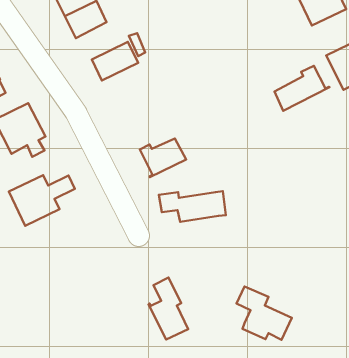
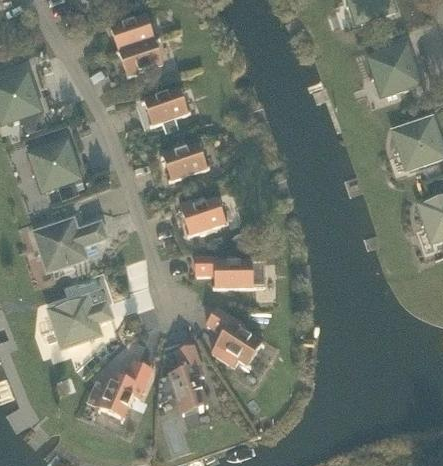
building: [274,66,329,111] -> none
building: none -> [160,142,209,180]
building: none -> [48,289,111,347]
building: [237,287,292,340] -> [207,304,264,366]
building: none -> [95,362,155,418]

